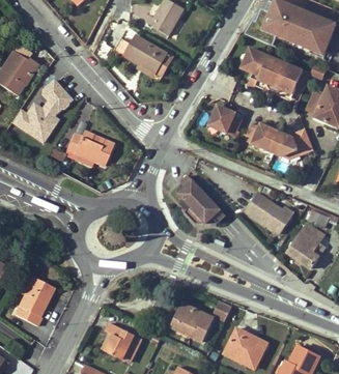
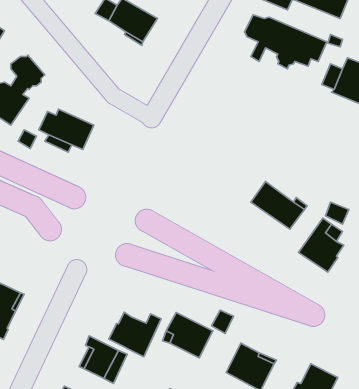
building: [208,108,239,139] -> none
building: [245,125,315,161] -> none
building: [177,175,225,224] -> none
building: none -> [109,312,161,357]

